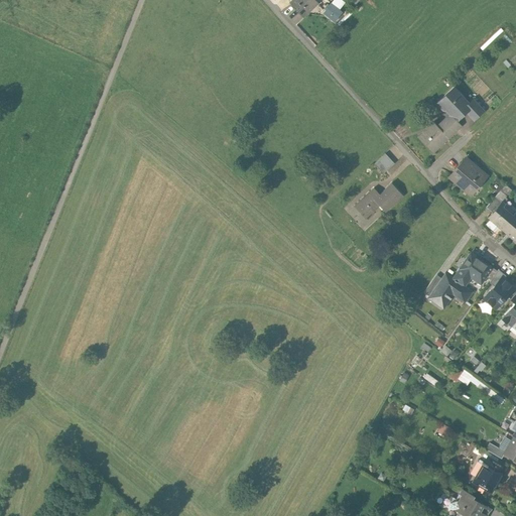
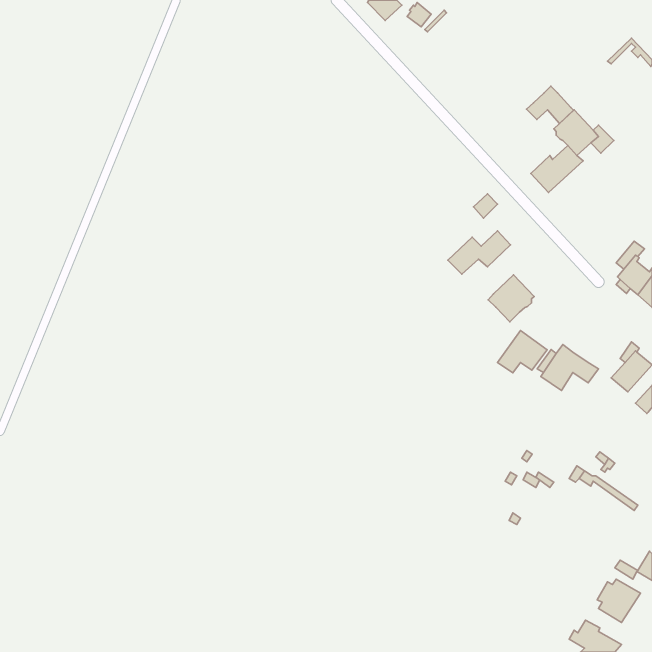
building: none -> [526,86,573,123]
building: [448,156,491,199] -> none
building: none -> [488,275,534,322]
building: [453,253,492,286] -> [497,331,547,373]

